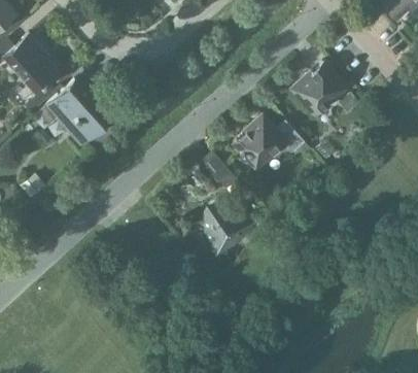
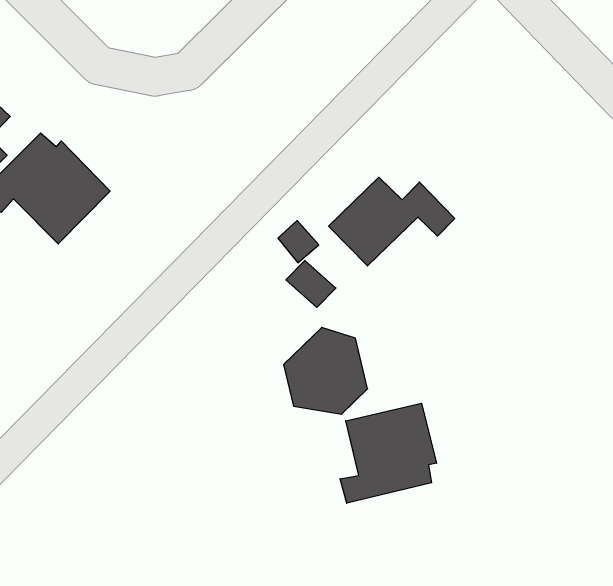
building: [292,64,344,114] -> none
building: none -> [340,403,437,503]

